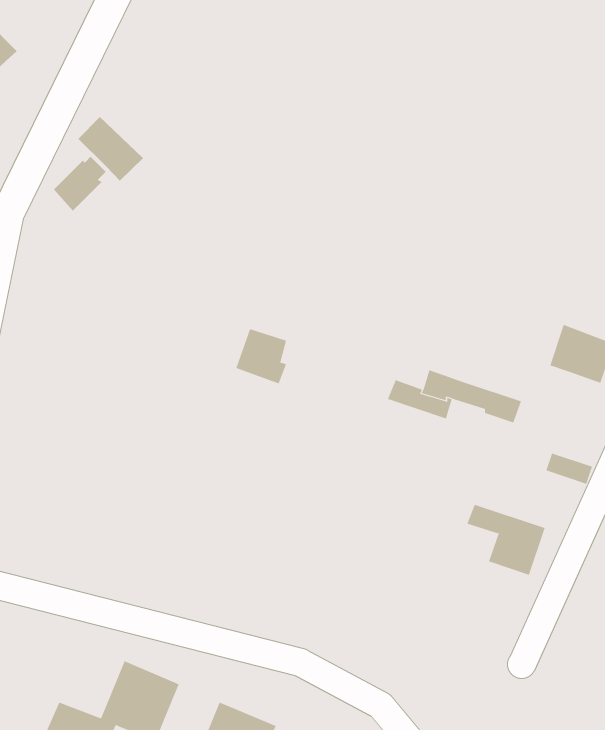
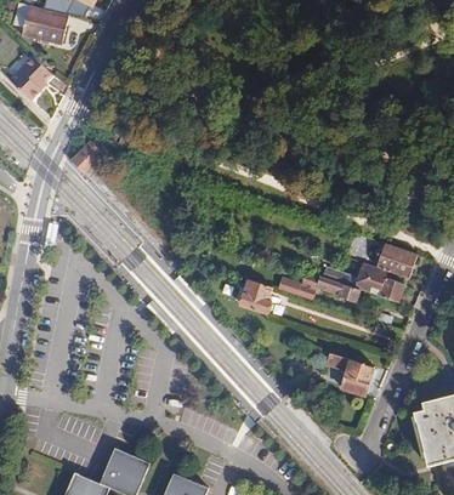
building: [78,116,144,181] -> none
building: [236,329,287,384] -> [239,278,271,312]
building: none -> [323,262,404,302]

